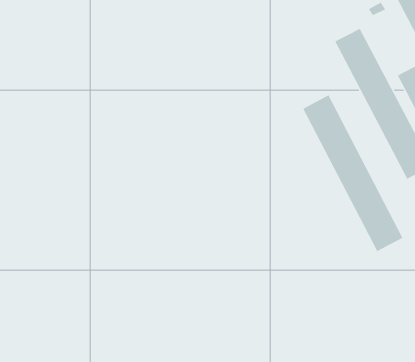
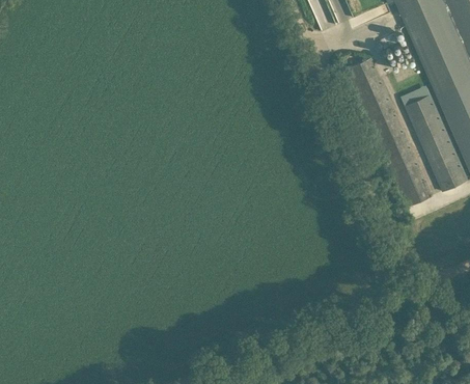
building: [302,94,403,252] -> none

